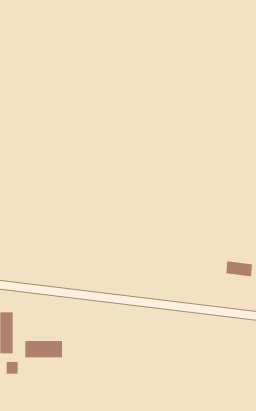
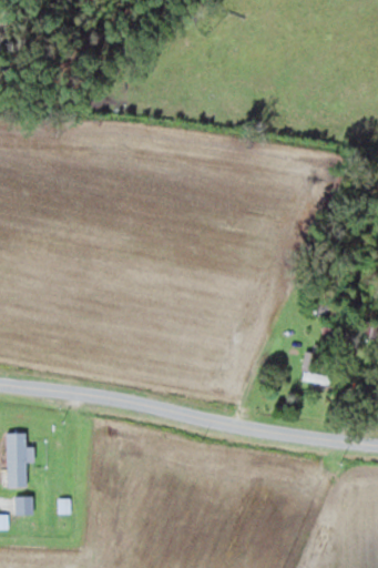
building: [25,340,63,358] -> none

